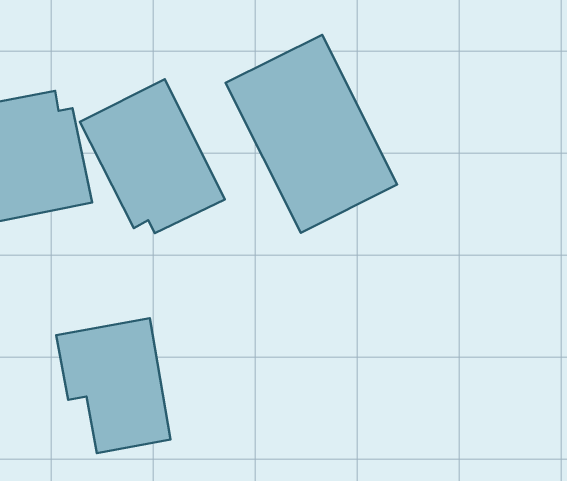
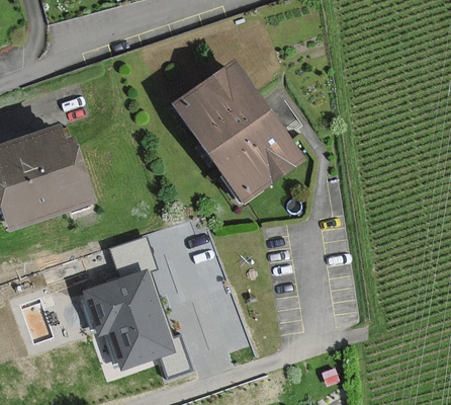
building: [80,79,225,233] -> none

